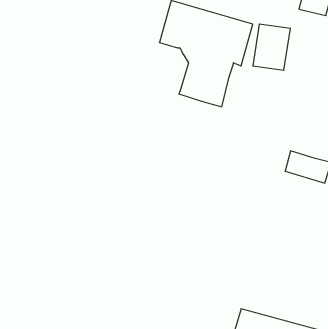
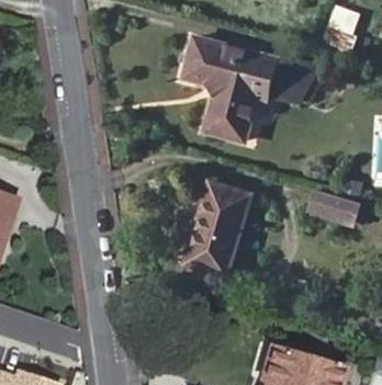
building: none -> [186,178,250,273]

